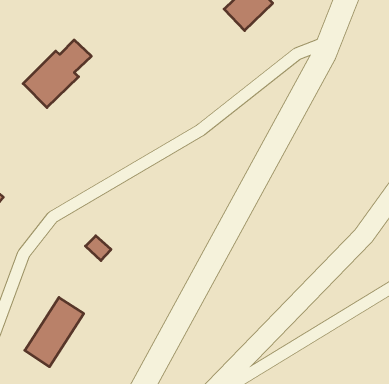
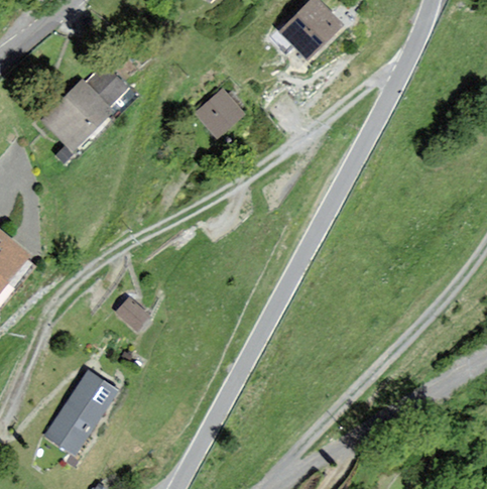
building: none -> [197,91,243,136]

